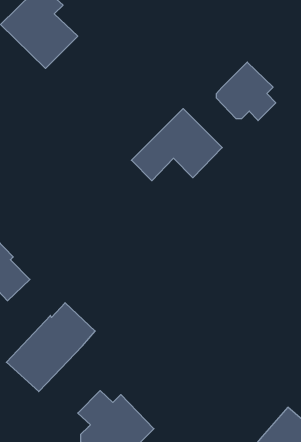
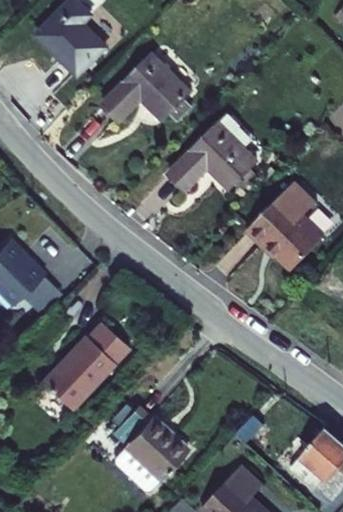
building: none -> [100,50,193,124]
building: [216,62,276,121] -> none
building: none -> [246,180,327,273]

